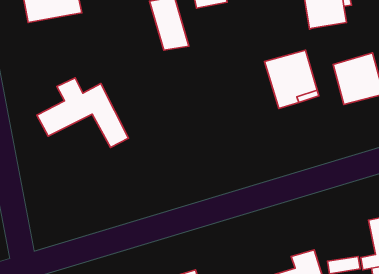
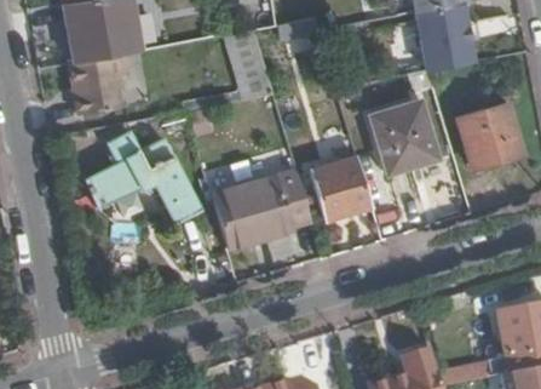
building: none -> [67,53,127,114]
building: none -> [310,158,369,213]
building: none -> [208,167,310,250]

